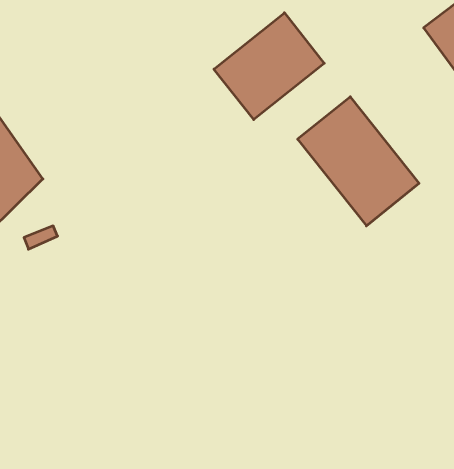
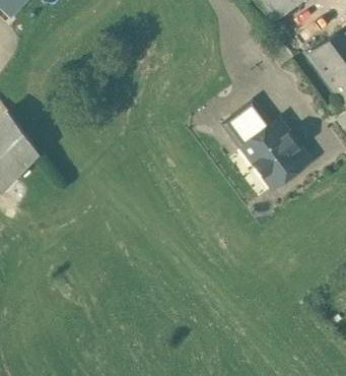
building: [214,13,324,120] -> none

